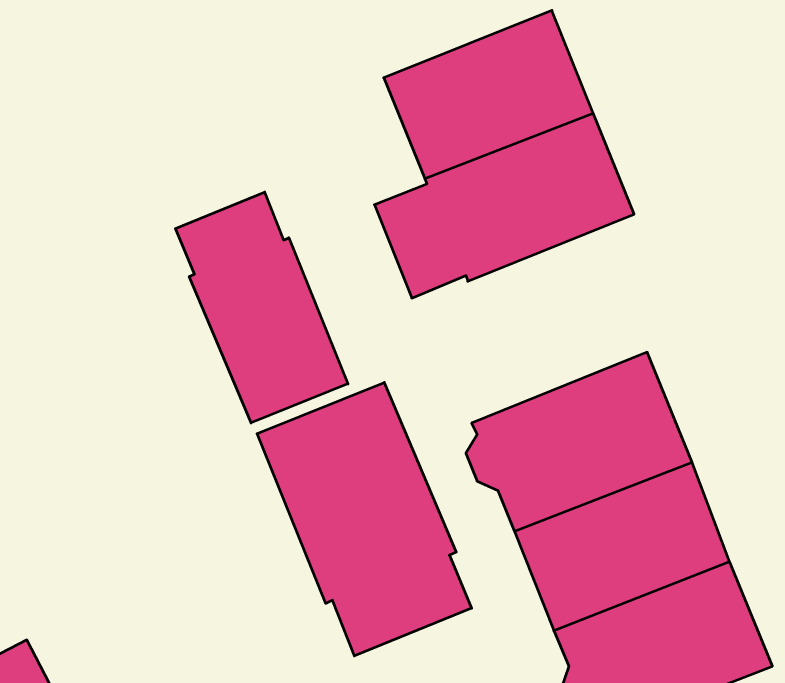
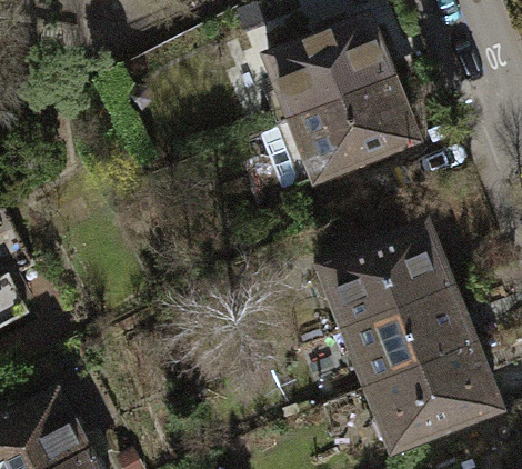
building: [175,192,348,423] -> none
building: [257,382,472,656] -> none

